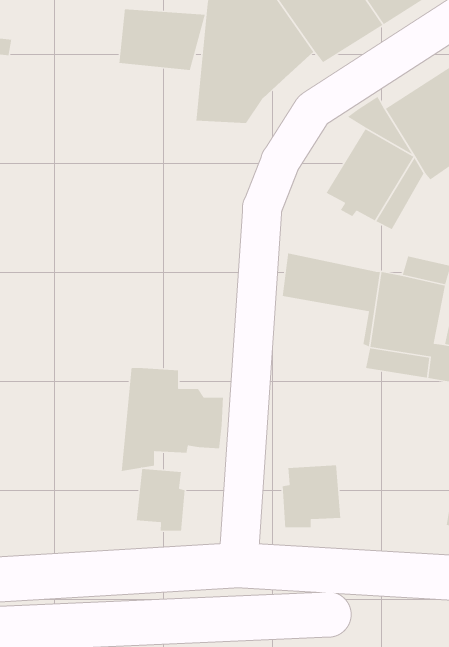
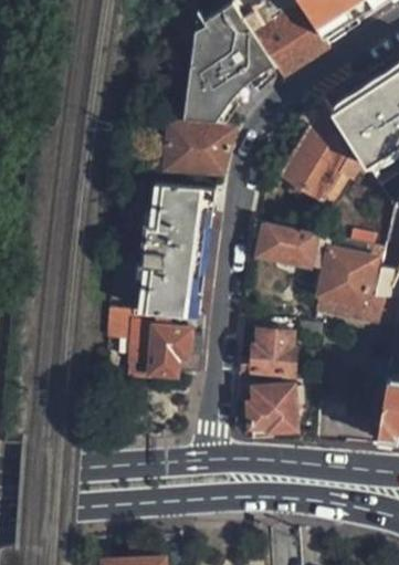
building: [118,9,206,71] -> [165,123,233,171]
building: none -> [137,182,214,315]
building: none -> [252,329,293,372]
building: [136,468,186,531] -> none

